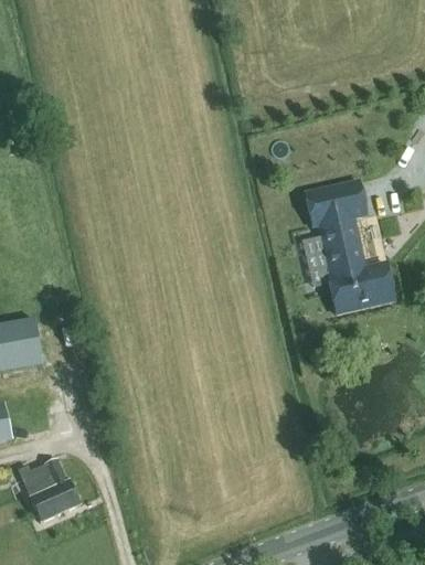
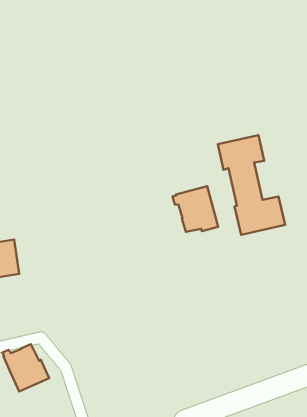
building: none -> [173,186,218,232]

